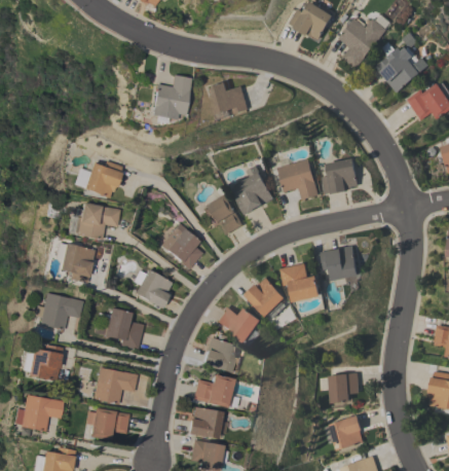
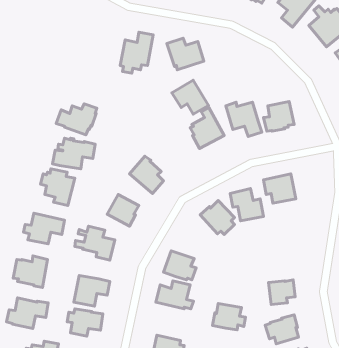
building: [201,193,246,234] -> [172,80,209,114]
building: [217,305,263,346] -> none
building: [188,406,228,438] -> [212,303,246,330]

